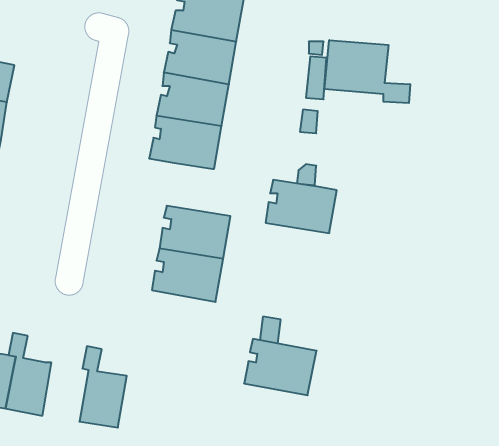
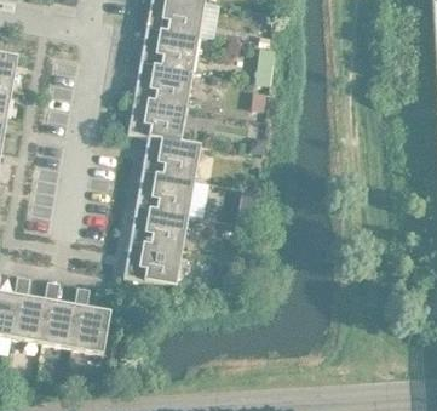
building: [324,40,410,103] -> none
building: [266,180,337,233] -> [142,136,200,179]
building: none -> [40,280,77,348]
building: [244,339,317,395] -> [122,240,182,286]

